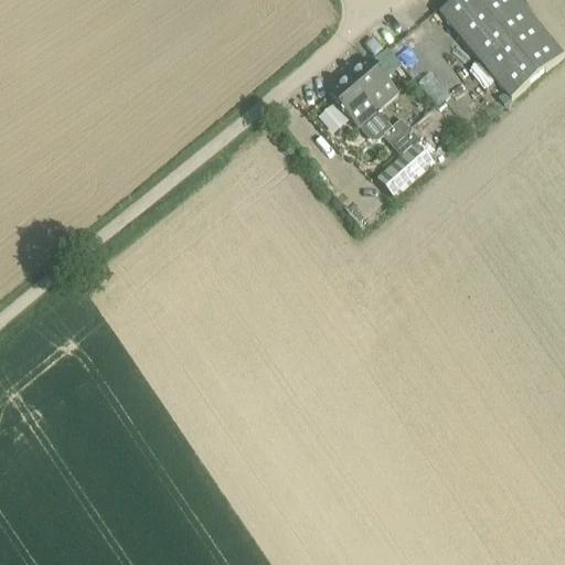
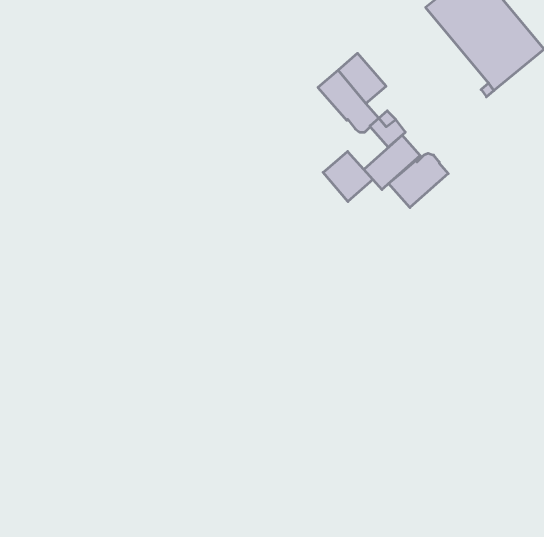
building: none -> [323,151,373,202]
building: none -> [389,153,448,208]

